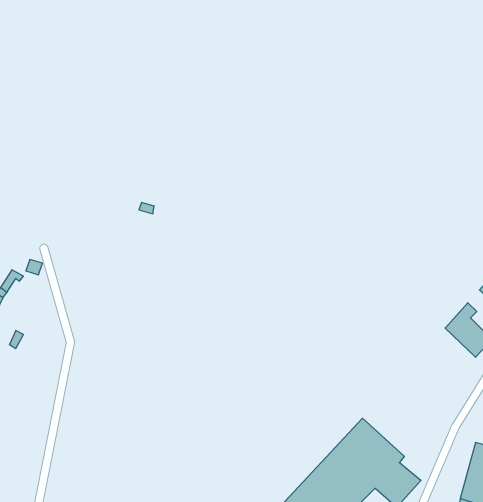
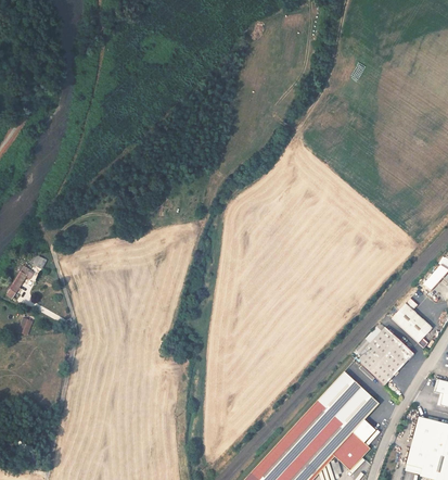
building: none -> [356,327,415,384]
building: none -> [322,371,380,428]

